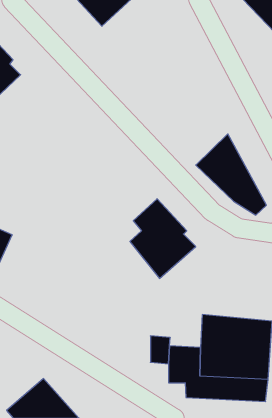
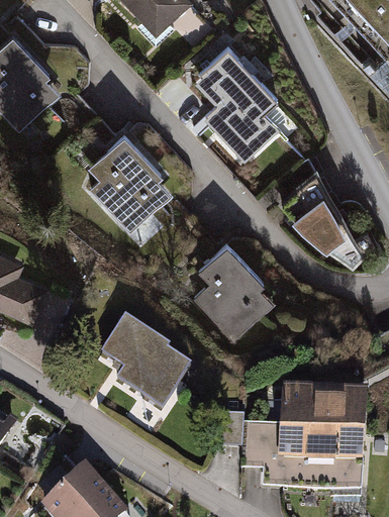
building: none -> [201,45,284,159]
building: none -> [87,132,172,232]
building: none -> [100,319,189,408]

